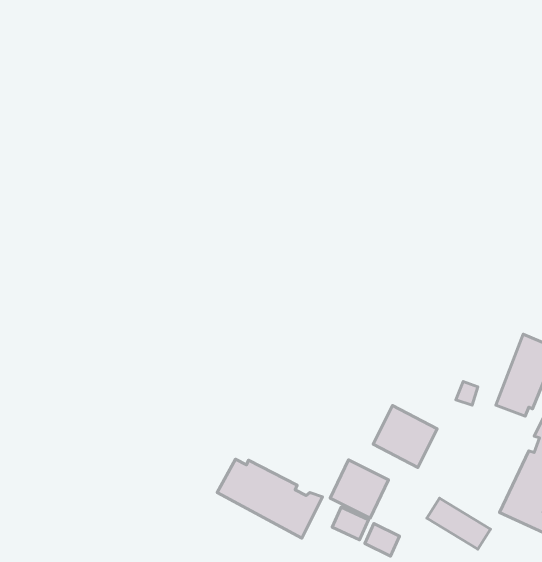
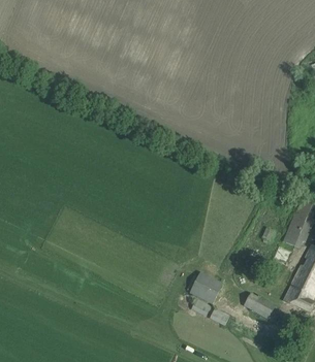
building: [373,406,437,468] -> none
building: [217,459,322,538] -> none

